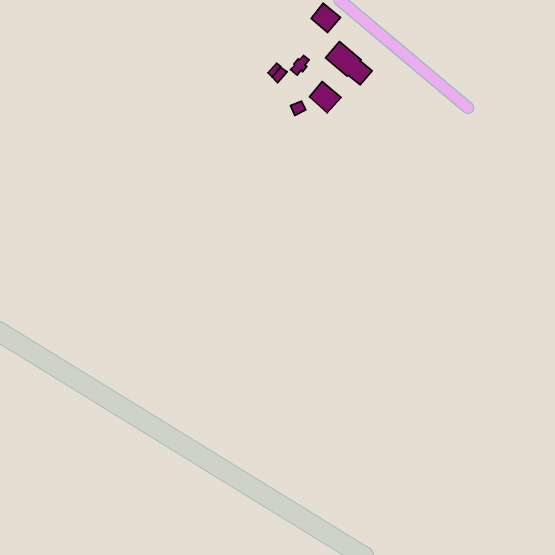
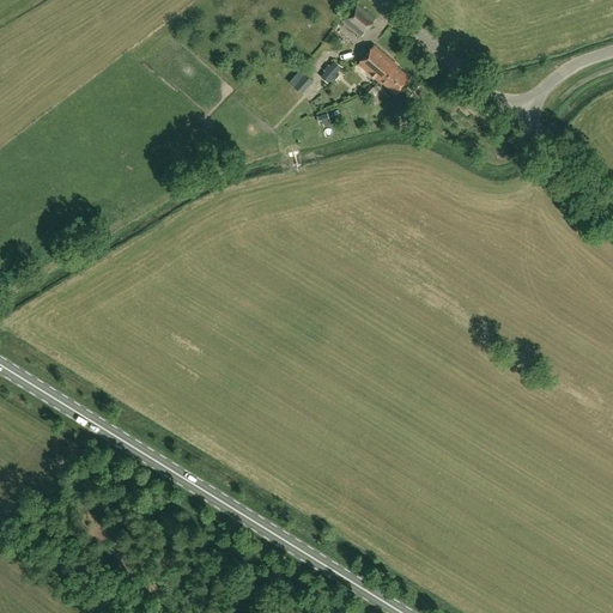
building: [309,81,341,113] -> none

